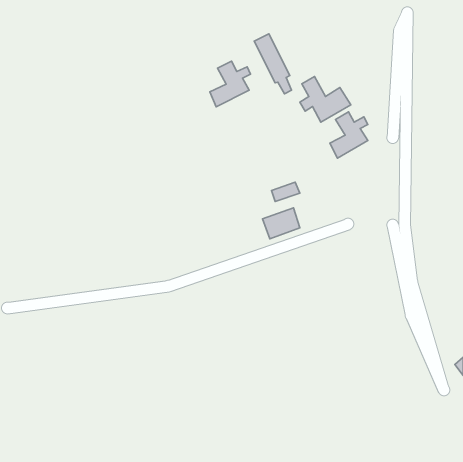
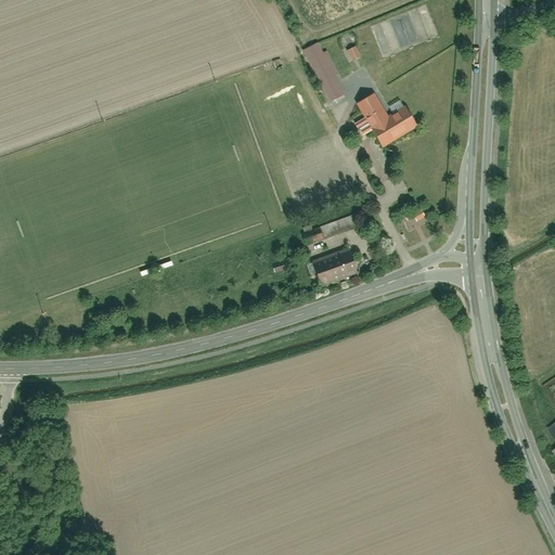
building: [210,61,251,107] -> none
building: [330,112,368,158] -> none

